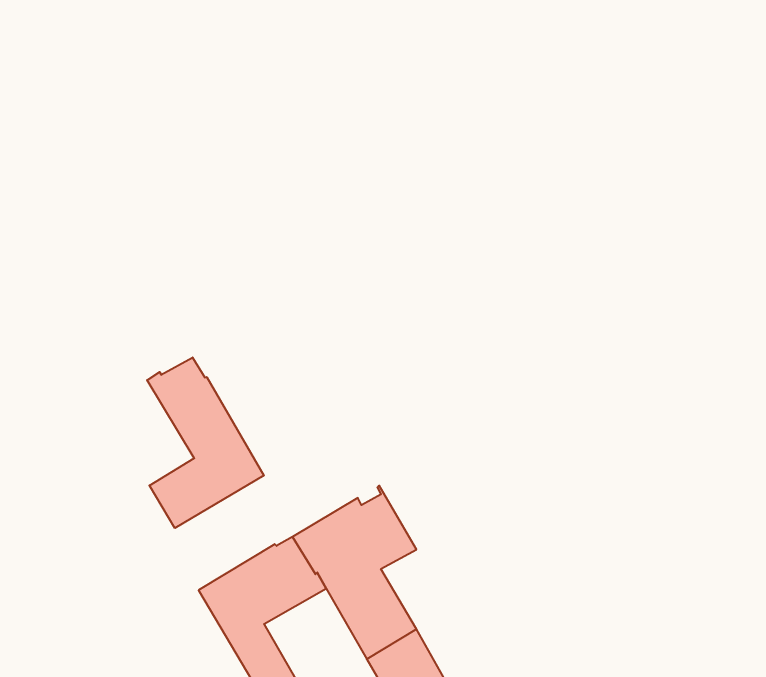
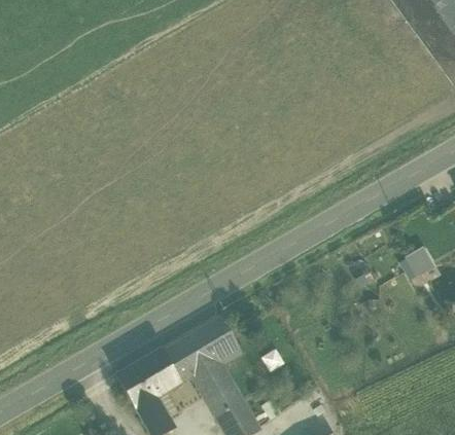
building: [147,357,264,528] -> none
building: none -> [405,244,435,276]

